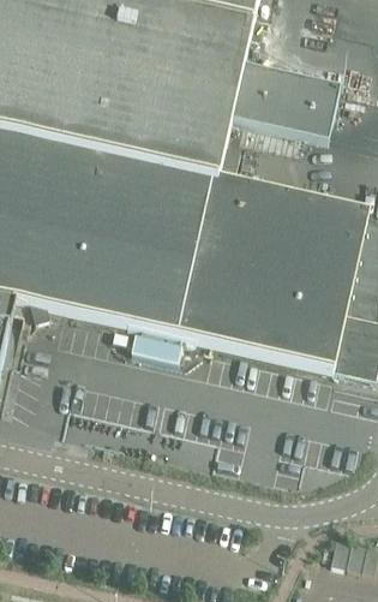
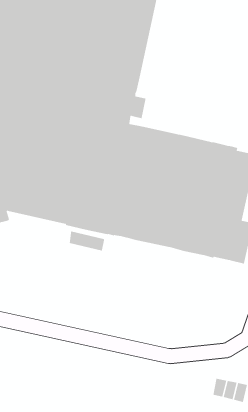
building: [228,59,338,137] -> none

